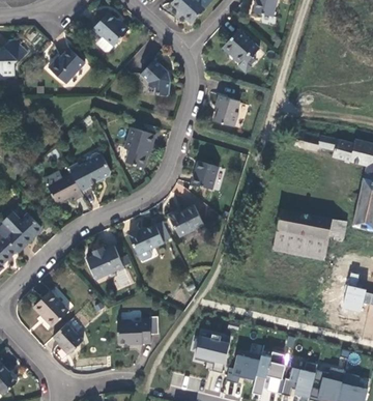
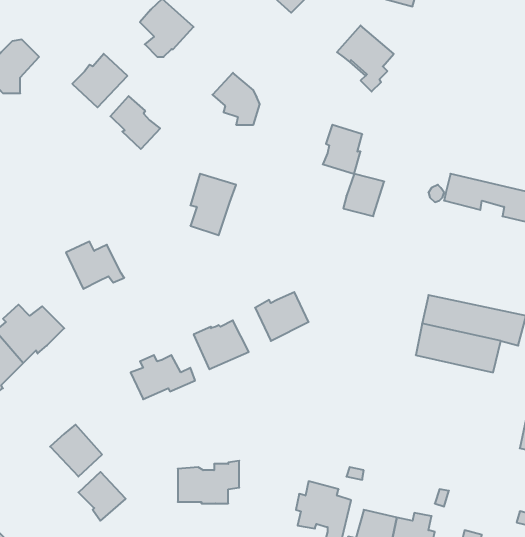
building: none -> [110,96,160,149]
building: [66,152,110,193] -> none
building: [191,162,218,190] -> [343,174,384,216]

